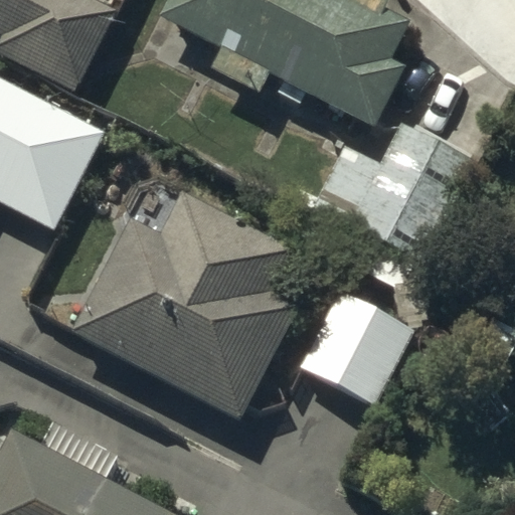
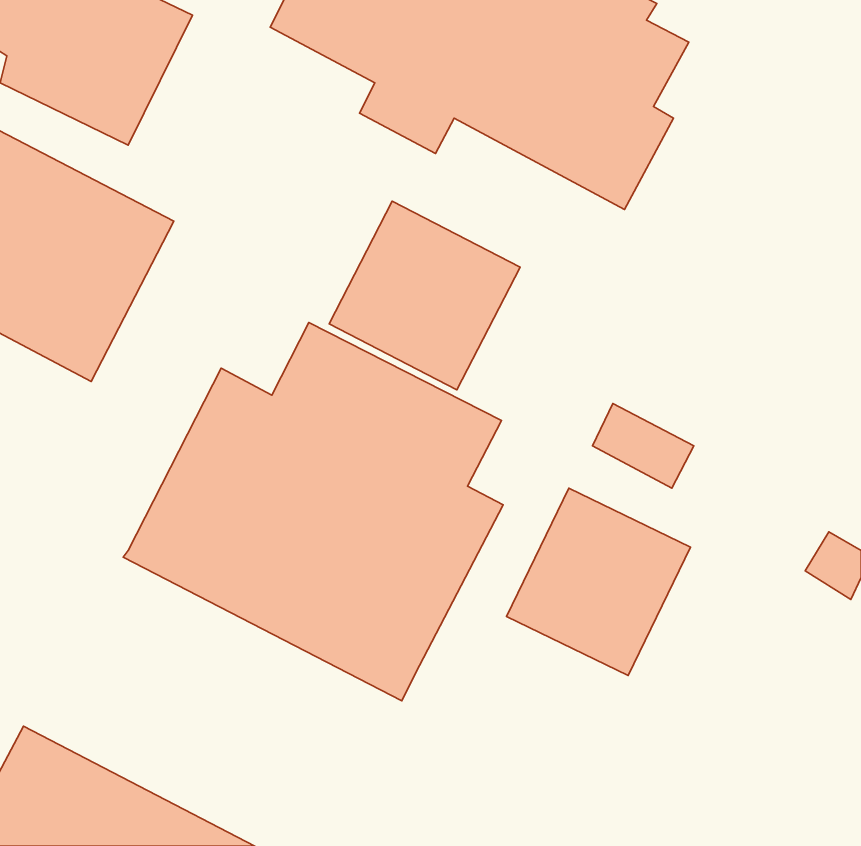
building: none -> [329,201,520,390]
building: [315,126,473,259] -> none

